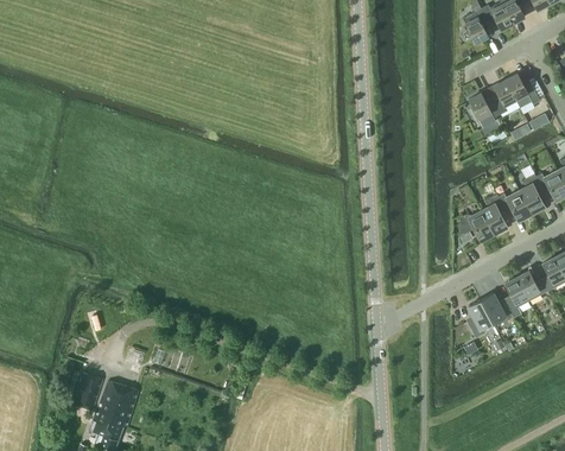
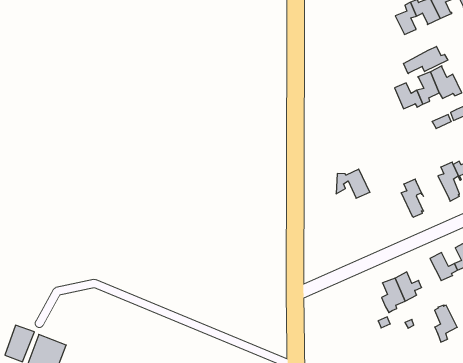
building: none -> [404,46,448,74]
building: [499,189,534,220] -> none
building: [461,209,496,240] -> [336,169,370,198]
building: [506,277,531,316] -> [435,305,457,342]

